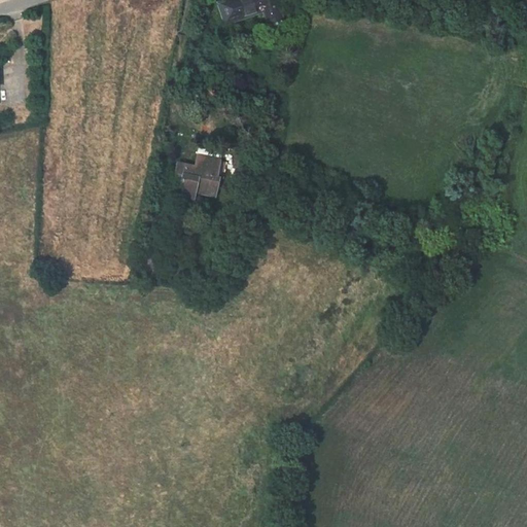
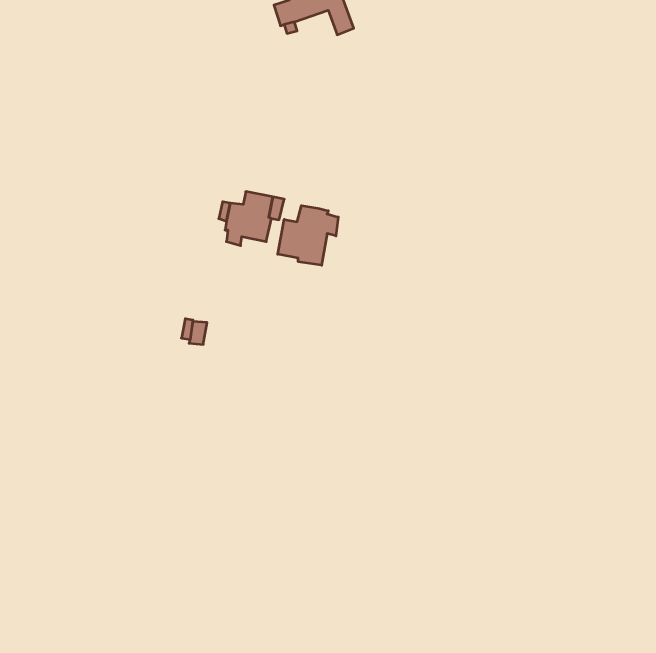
building: none -> [278,206,338,265]

